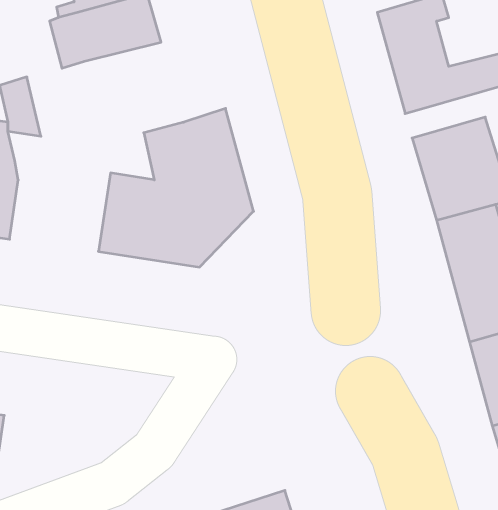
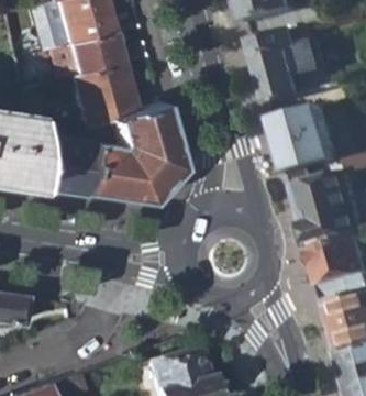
building: none -> [70,63,133,127]
building: none -> [23,138,87,195]

